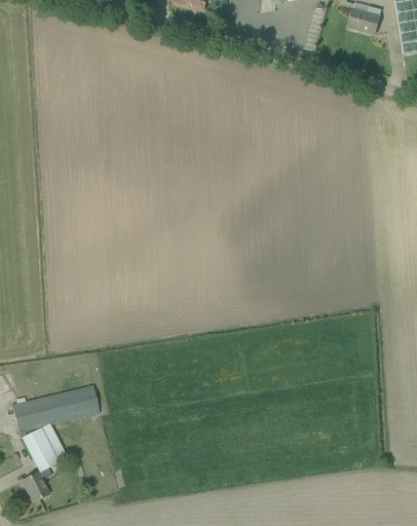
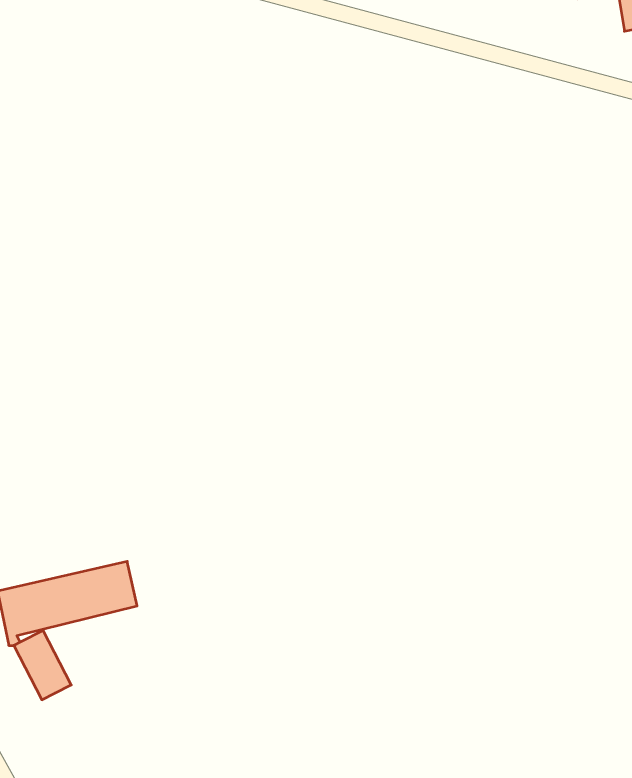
building: [23,472,49,500] -> none

